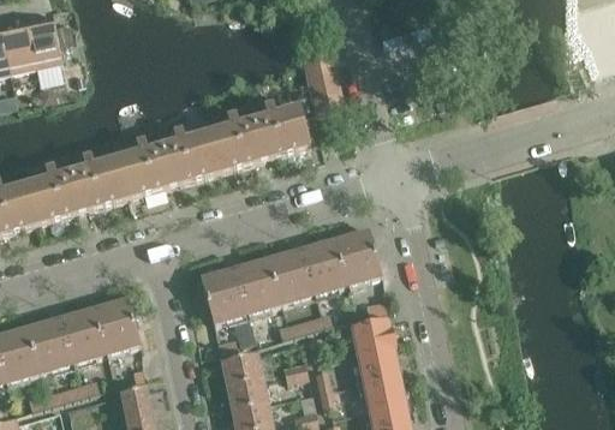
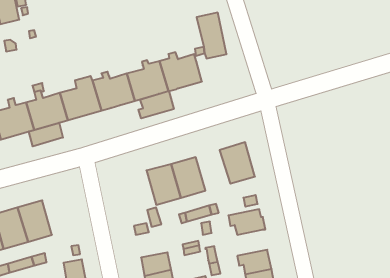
building: none -> [138,91,174,118]
building: none -> [29,123,63,146]
building: [301,239,348,294] -> none
building: [201,267,247,323] -> none
building: [92,298,141,354] -> none
building: [354,347,399,383] -> none
building: [221,354,263,386] -> none

